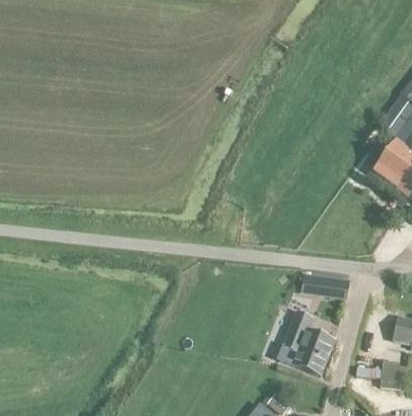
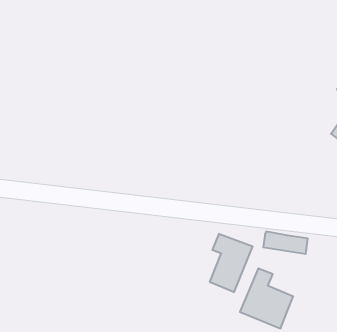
building: none -> [210,234,252,292]

